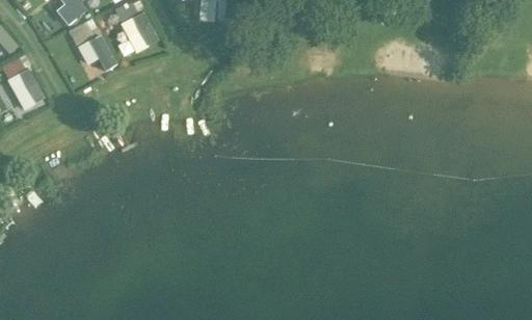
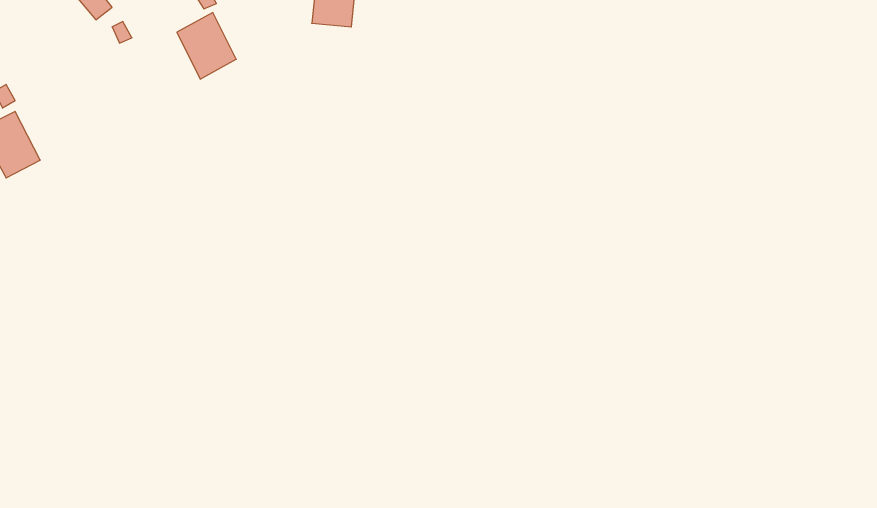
building: [80,36,115,70] -> none

